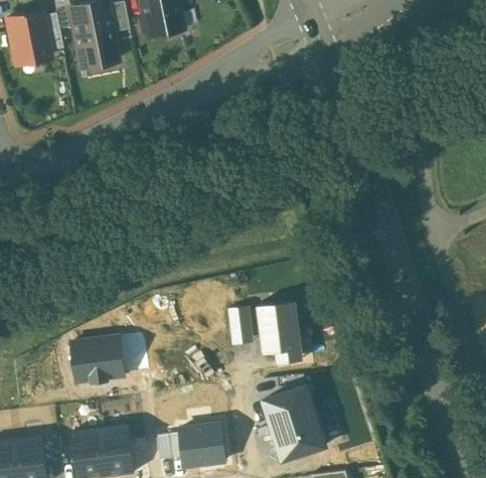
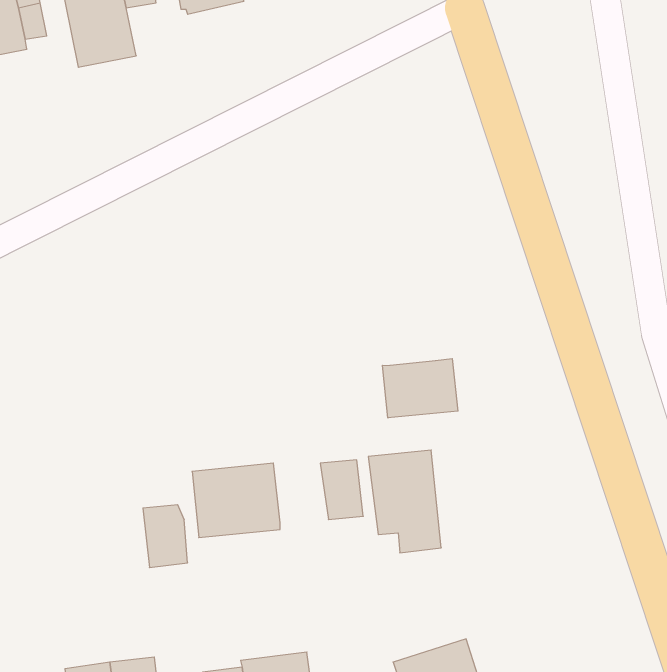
building: none -> [382,359,458,418]
building: [70,337,124,382] -> [192,463,280,538]
building: [262,385,316,431] -> none

